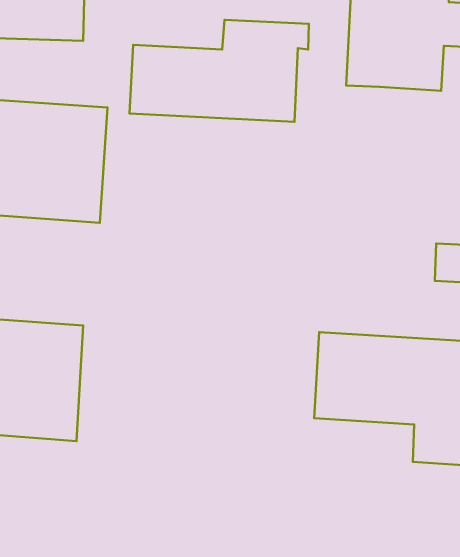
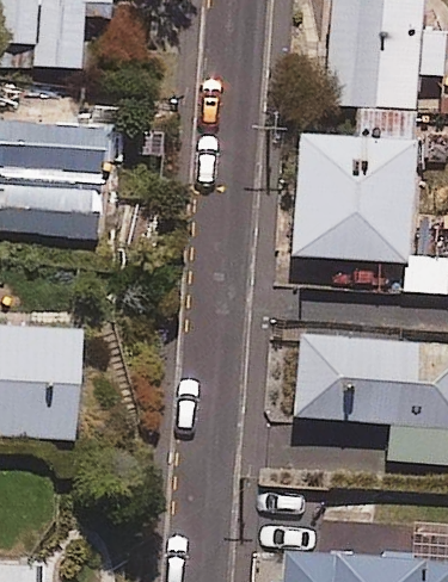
building: [129,20,309,122] -> none
building: none -> [294,110,415,260]

